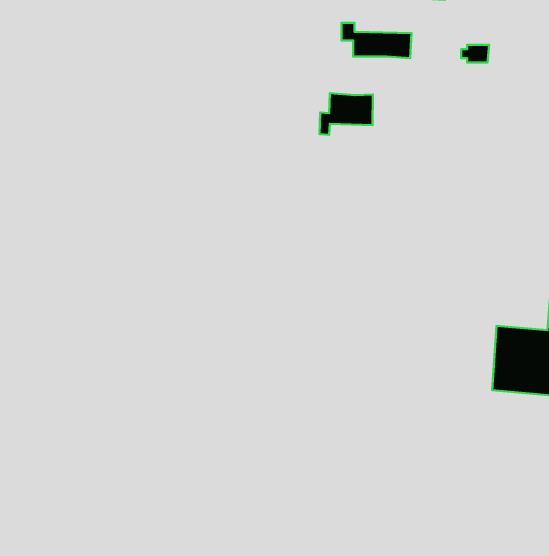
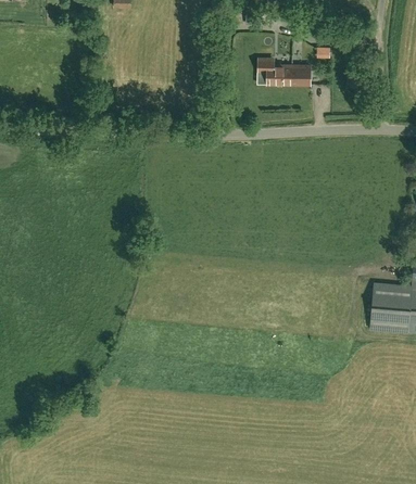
building: [319,93,373,135] -> none

